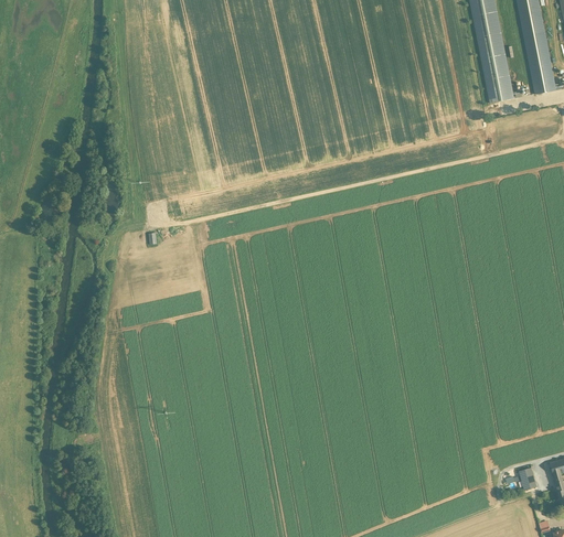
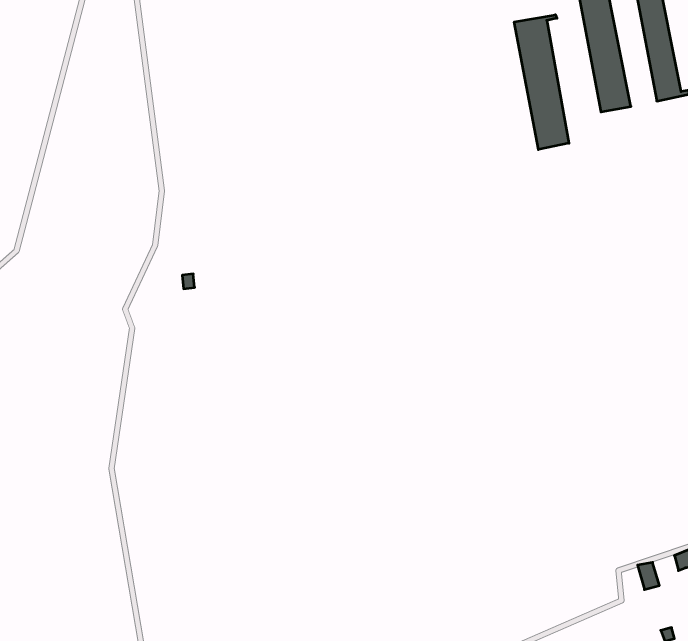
building: none -> [514,15,569,150]

